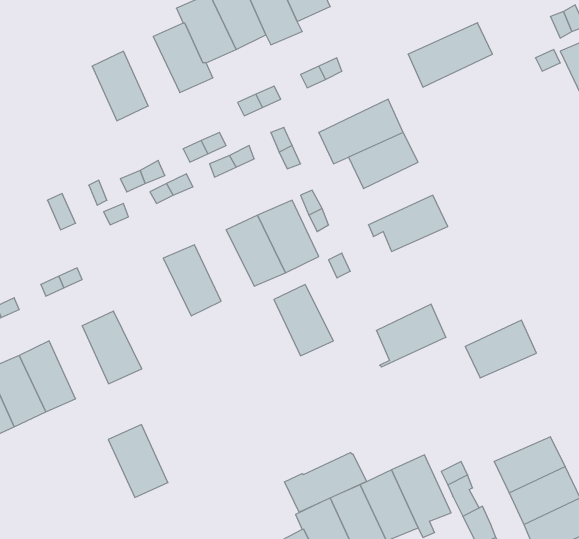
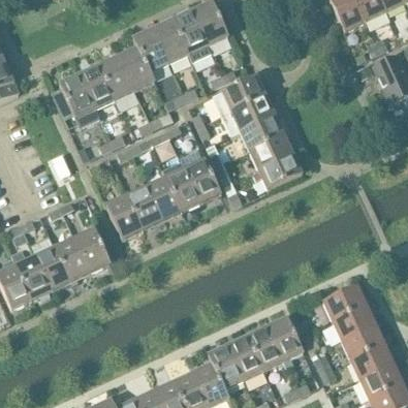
building: [408,23,492,87] -> [212,74,264,115]
building: none -> [99,55,134,98]
building: none -> [59,73,99,126]
building: none -> [105,193,142,239]
building: [274,285,333,356] -> [144,176,181,220]
building: [376,304,446,367] -> [249,133,292,172]
building: [465,320,536,378] -> [321,284,366,320]
building: [108,425,168,497] -> [53,236,90,281]
building: [285,453,366,512] -> none

